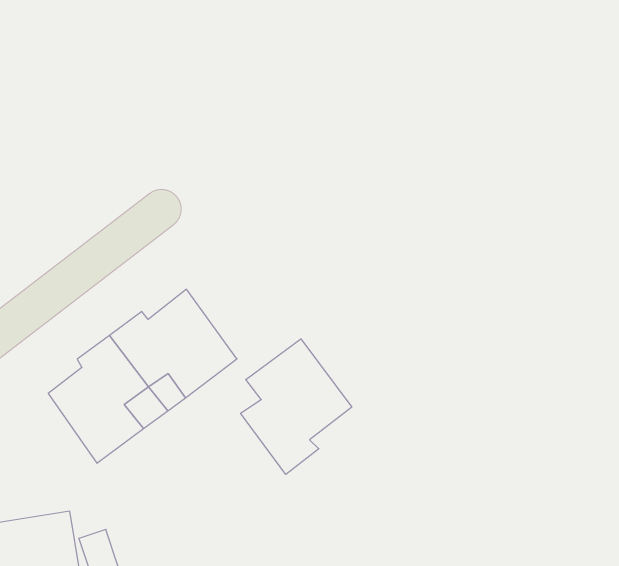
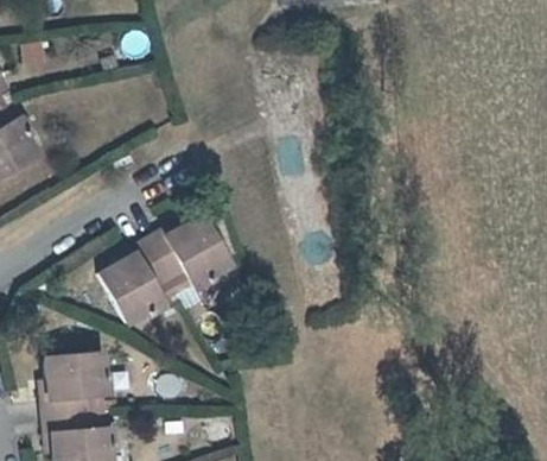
building: [241,339,352,474] -> none

